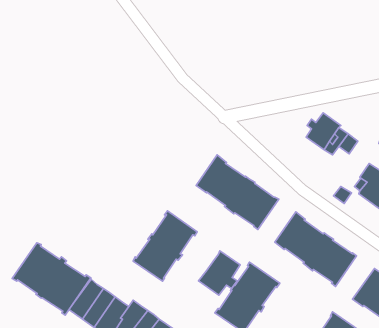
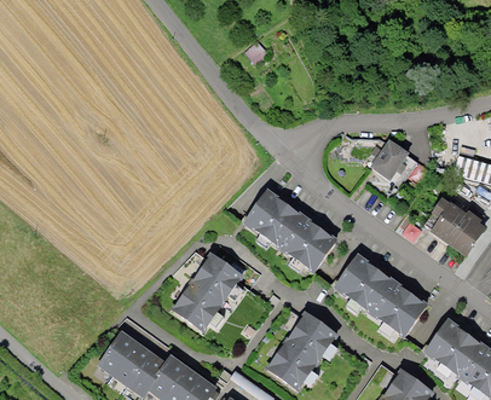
building: [12,243,91,315] -> none
building: [199,251,240,295] -> none

